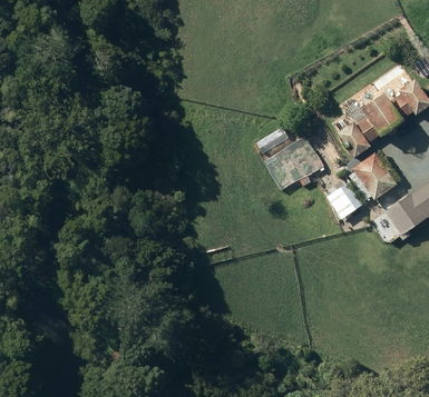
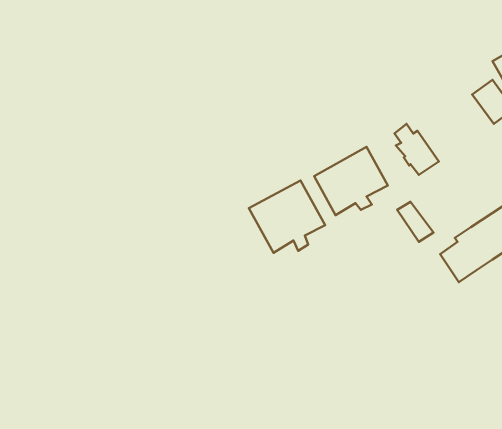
building: [360,93,411,136] -> none
building: [349,152,397,200] -> none
building: none -> [249,181,325,253]

